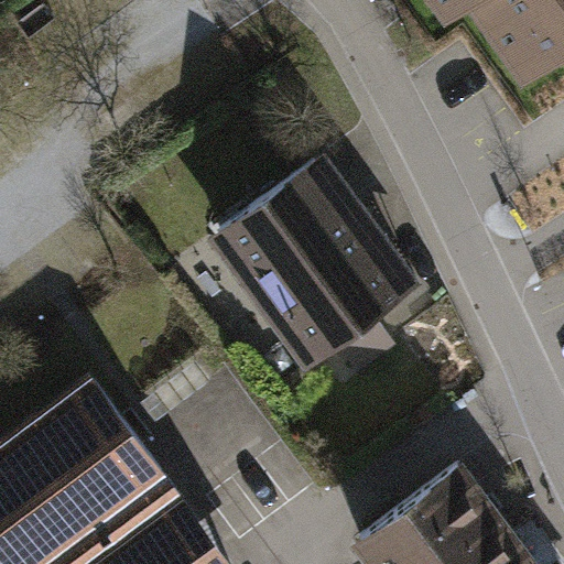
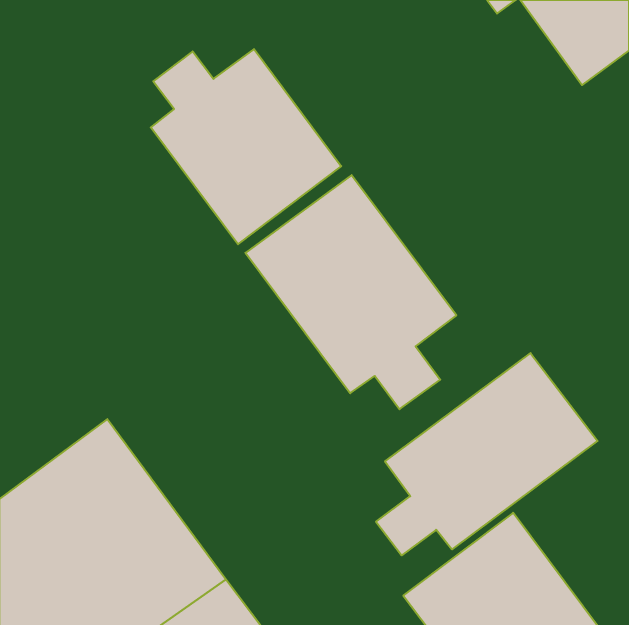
building: none -> [151,49,341,244]
building: none -> [376,353,598,555]

